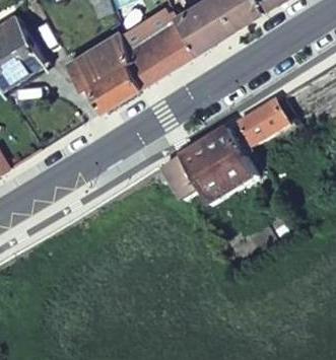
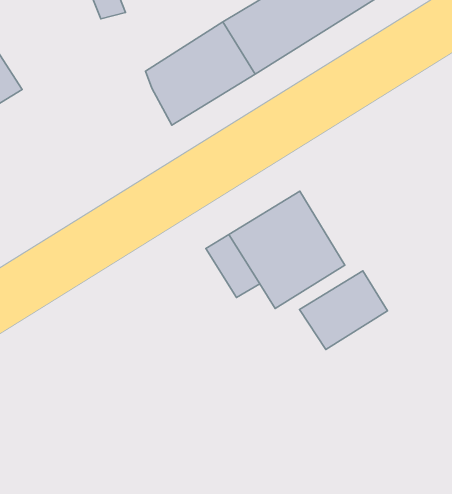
building: [66,31,142,110] -> none
building: [232,100,290,152] -> [300,271,388,349]

